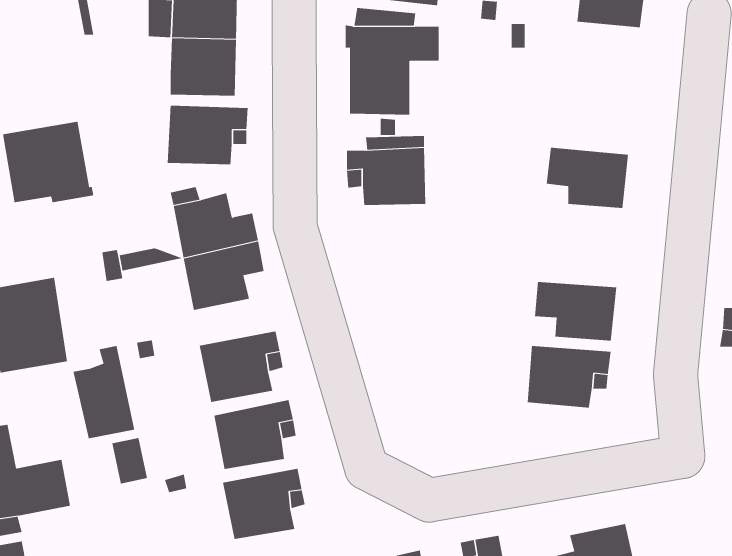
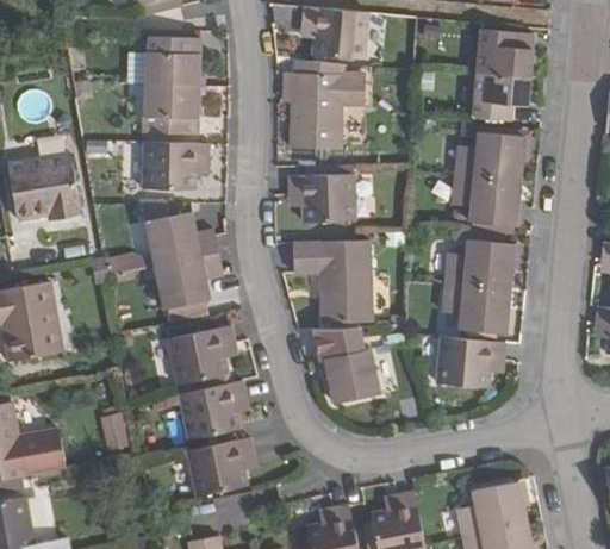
building: none -> [473,73,529,120]
building: none -> [455,131,524,181]
building: none -> [444,241,513,289]
building: none -> [292,242,371,323]
building: none -> [316,336,379,404]
building: [73,345,135,439] -> none

